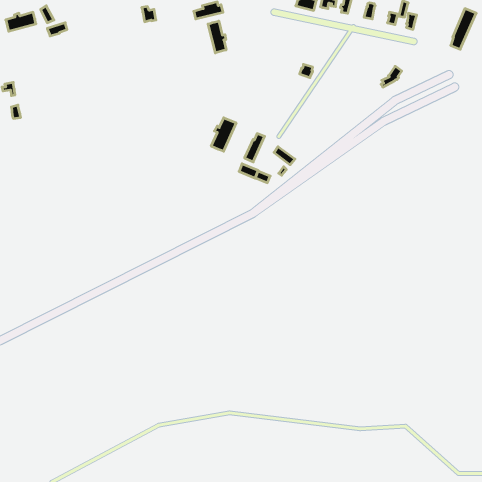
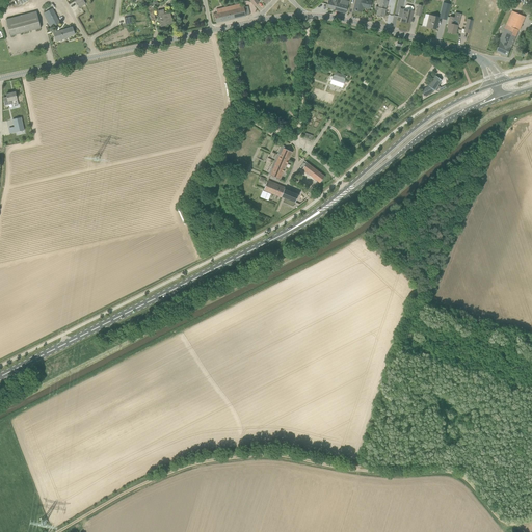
building: [208,21,226,53] -> none
building: [211,118,236,151] -> none

